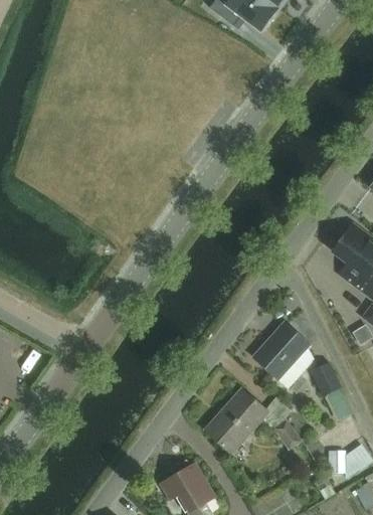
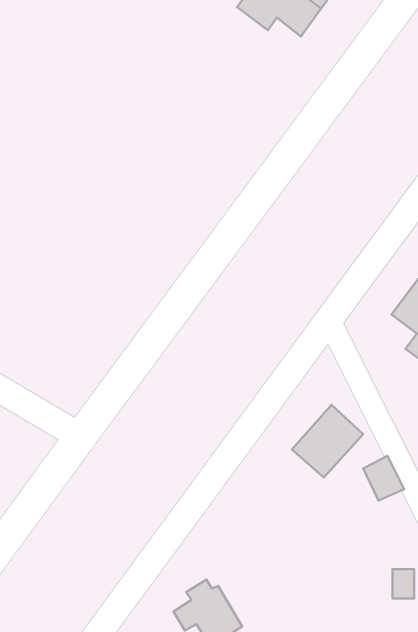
building: [205,388,302,455] -> none

